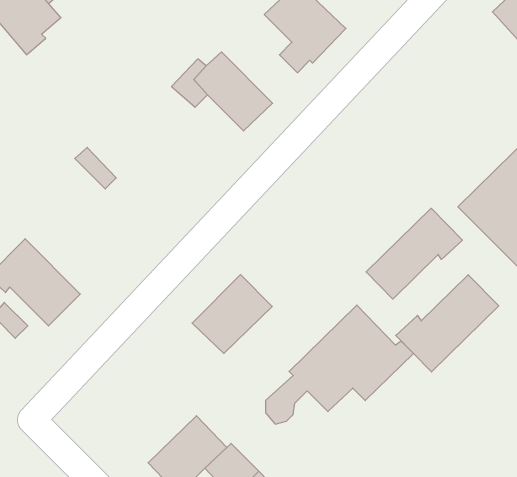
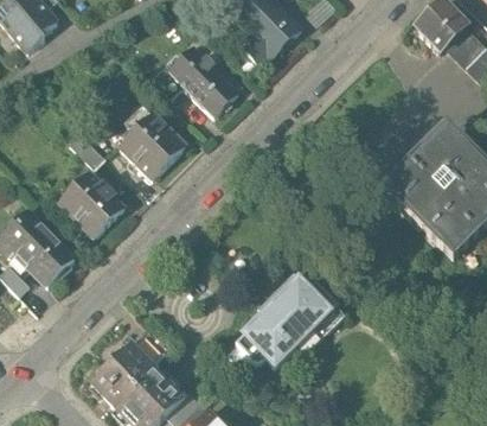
building: none -> [115,114,181,179]
building: none -> [55,172,120,237]
building: [366,208,462,299] -> none
building: [192,275,272,353] -> [101,335,169,402]
building: [396,275,499,372] -> none

